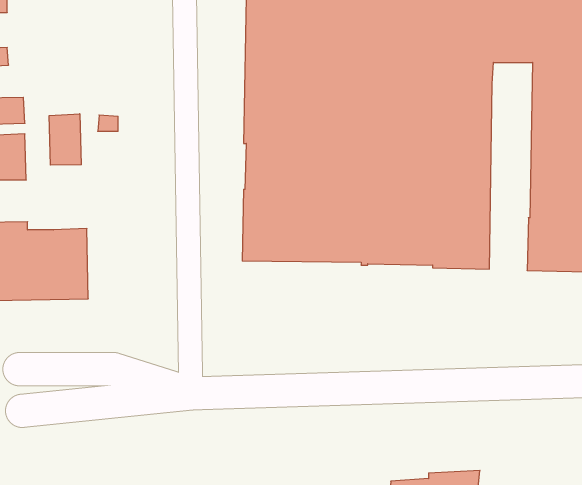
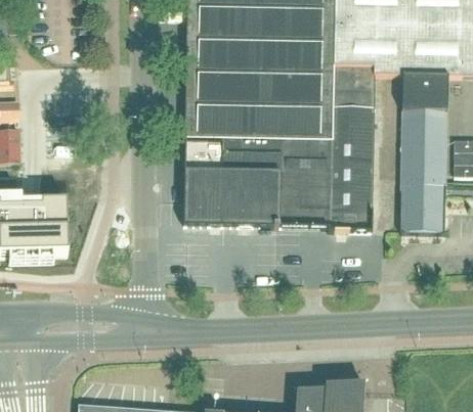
building: [49,114,81,165] -> none

